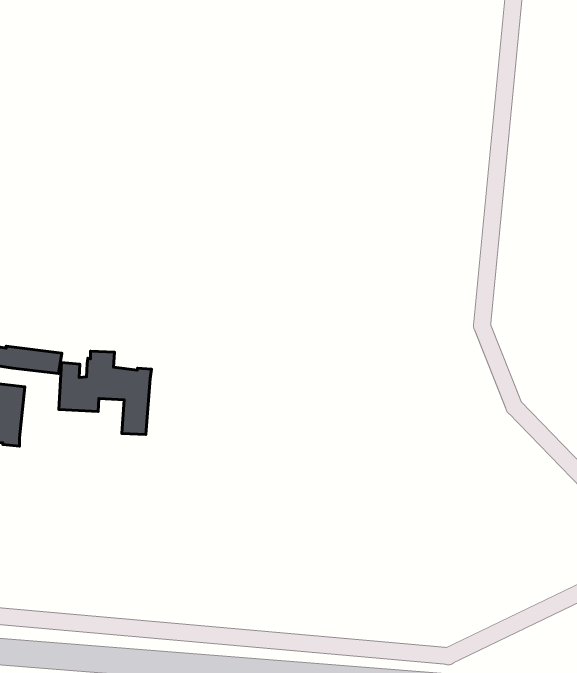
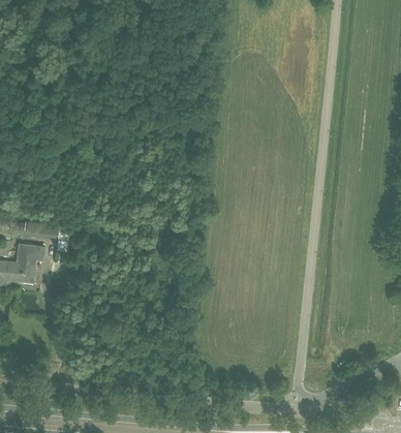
building: [59,351,152,435] -> none

